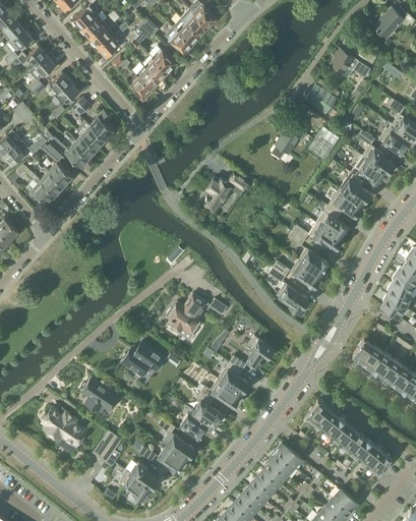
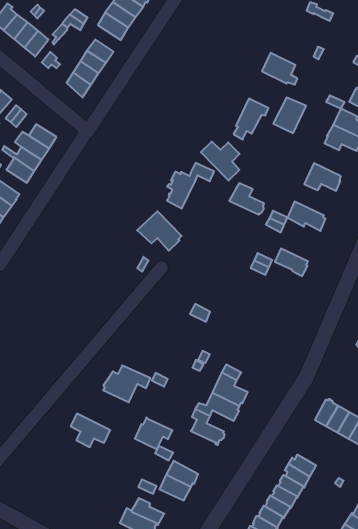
building: [332,50,371,79] -> none
building: none -> [201,141,240,181]
building: [340,173,371,205] -> none
building: [317,207,348,237] -> [229,183,264,215]
building: none -> [137,211,182,251]
building: [299,249,330,276] -> none
building: [278,284,309,312] -> none
building: [165,299,205,338] -> none
building: [248,336,275,368] -> none
building: [42,408,90,446] -> none
building: [181,409,216,439] -> [135,417,172,449]
building: [95,431,122,466] -> none

